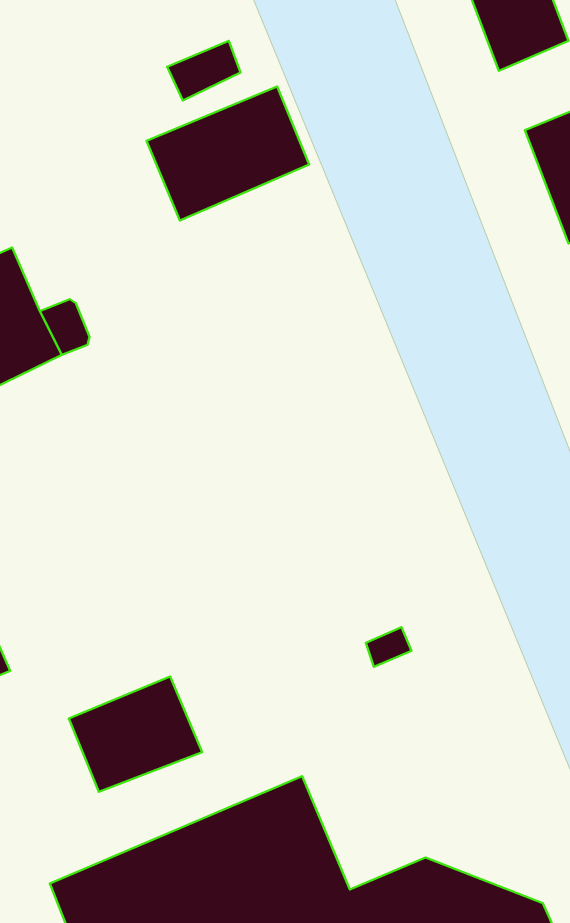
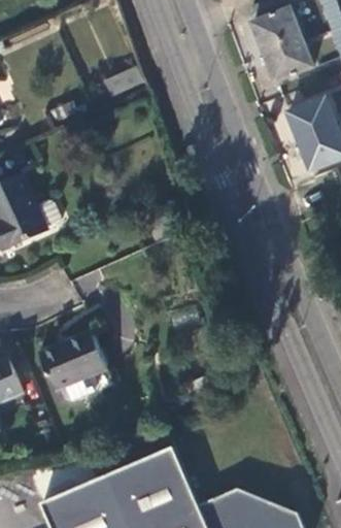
building: [147,86,309,221] -> none
building: [69,677,202,792] -> [37,331,106,391]

